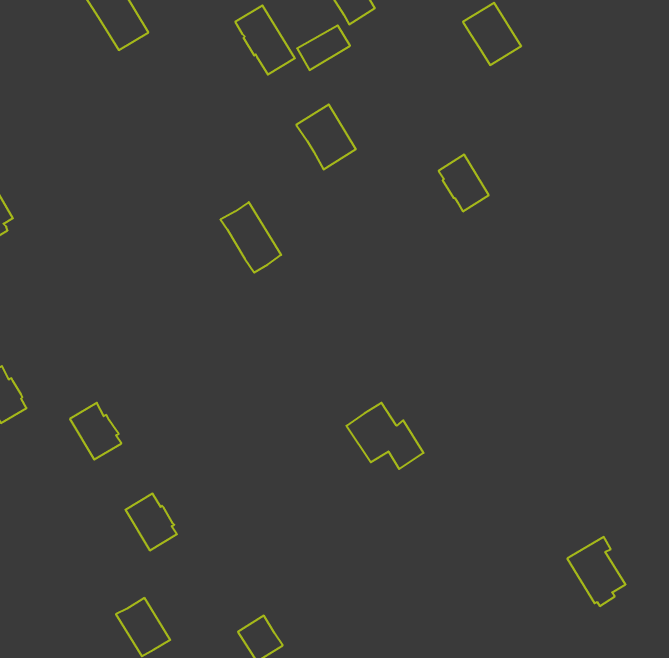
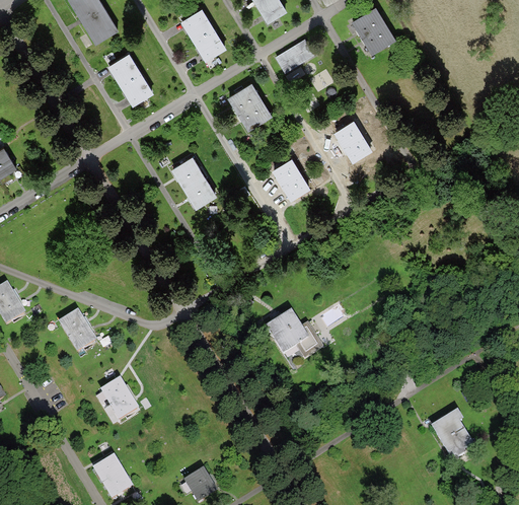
building: [297,25,350,70] -> [275,40,314,73]
building: none -> [108,55,153,106]
building: none -> [272,160,309,202]

